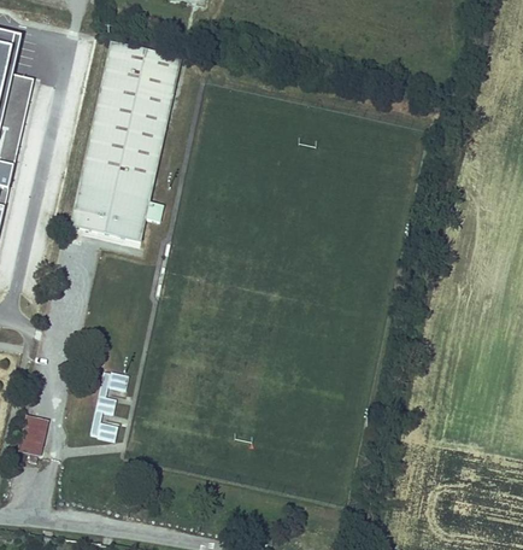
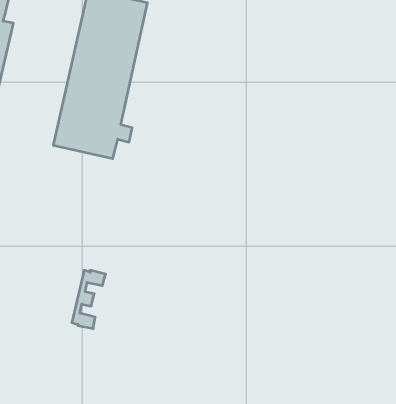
building: [18,416,47,457] -> none

